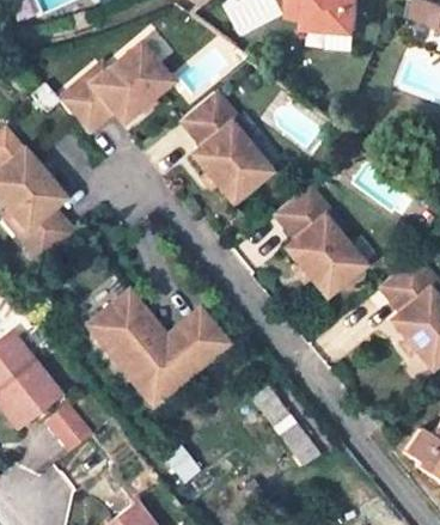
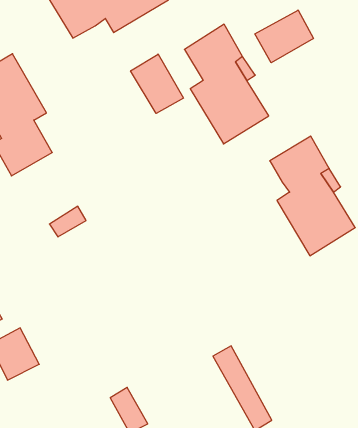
building: none -> [255,10,313,63]
building: none -> [131,54,183,113]
building: [85,293,225,408] -> none

